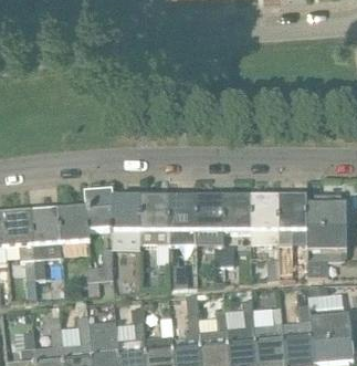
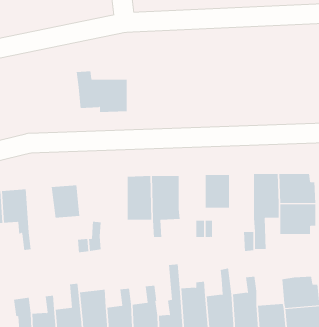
building: [83,187,139,232] -> [76,71,128,113]
building: [252,192,277,241] -> none
building: [197,194,224,231] -> none
building: [30,207,61,275] -> none

